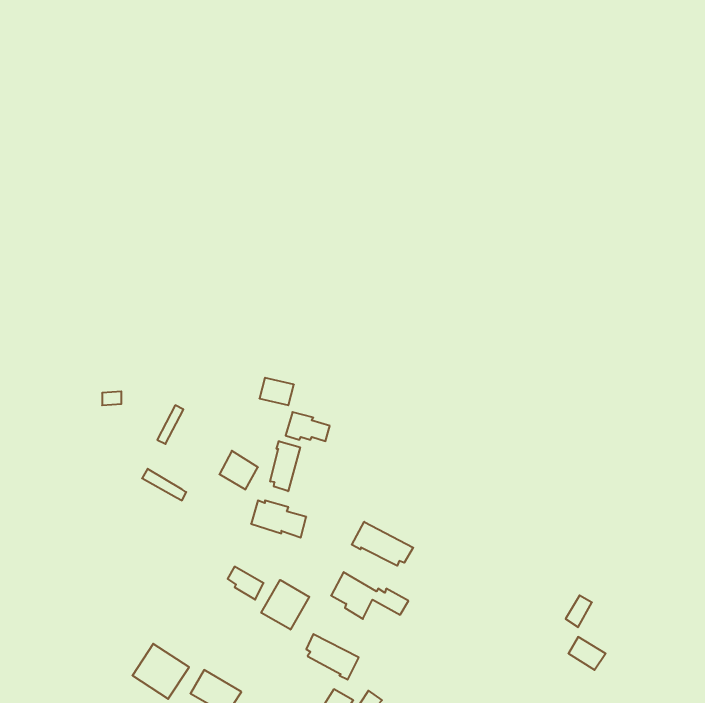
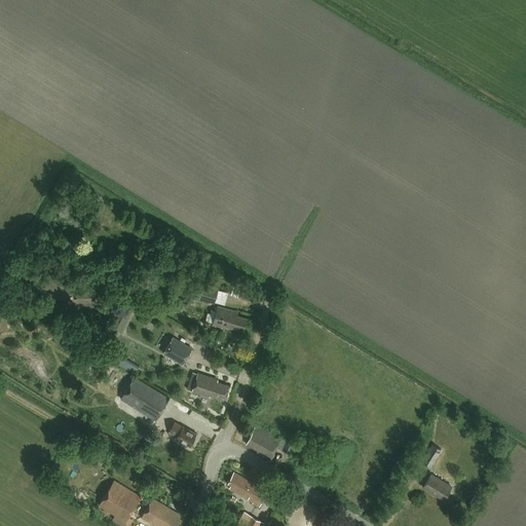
building: [270,441,300,491] -> none
building: none -> [121,379,168,421]
building: [352,522,413,566] -> none
building: [261,580,309,630] -> none

